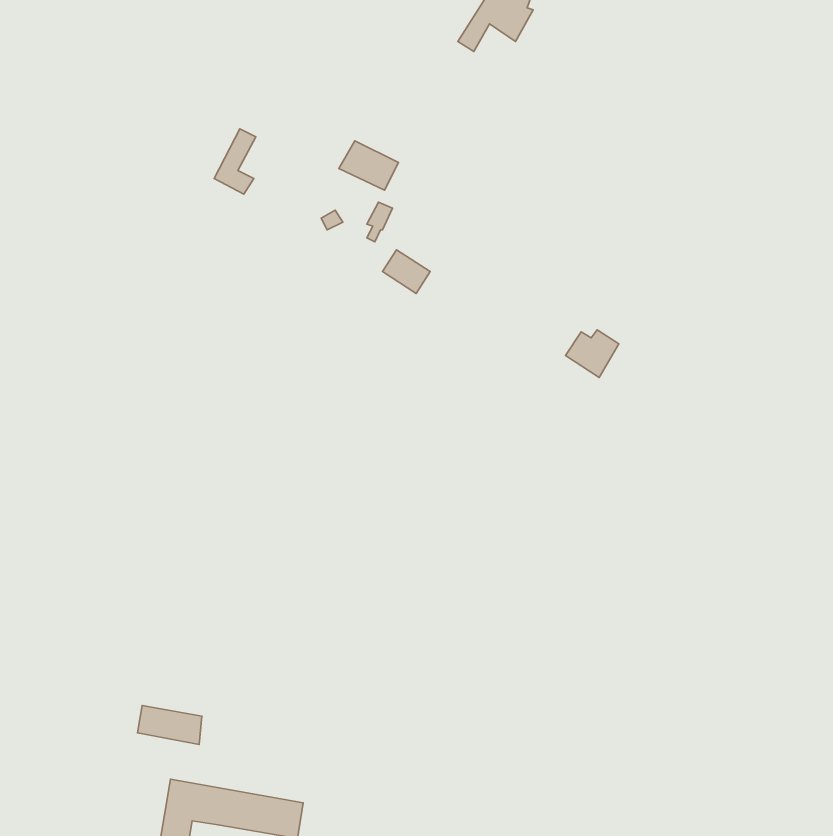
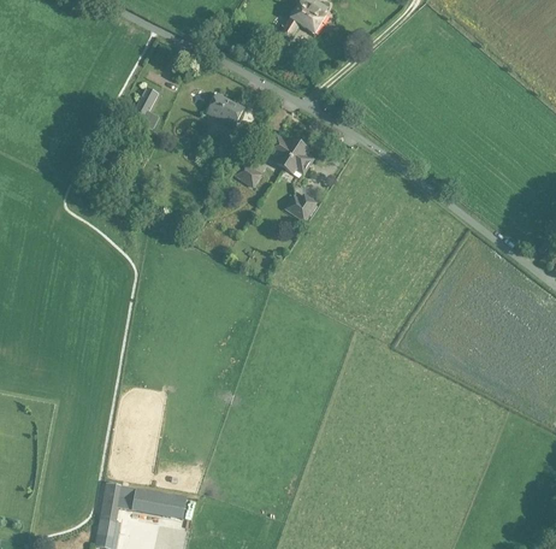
building: none -> [268,136,313,173]
building: [565,330,619,377] -> [285,194,318,223]
building: [137,706,202,745] -> none

